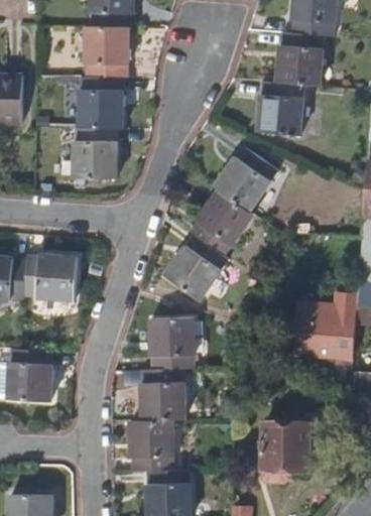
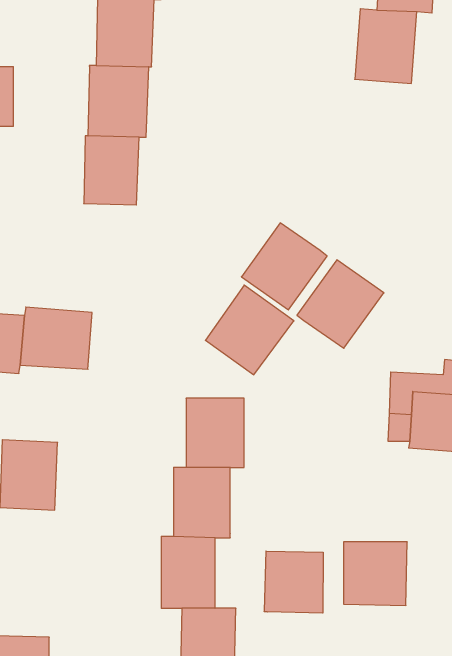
building: [255,85,298,135] -> none
building: [214,146,277,211] -> [297,260,384,348]
building: none -> [264,551,323,613]

